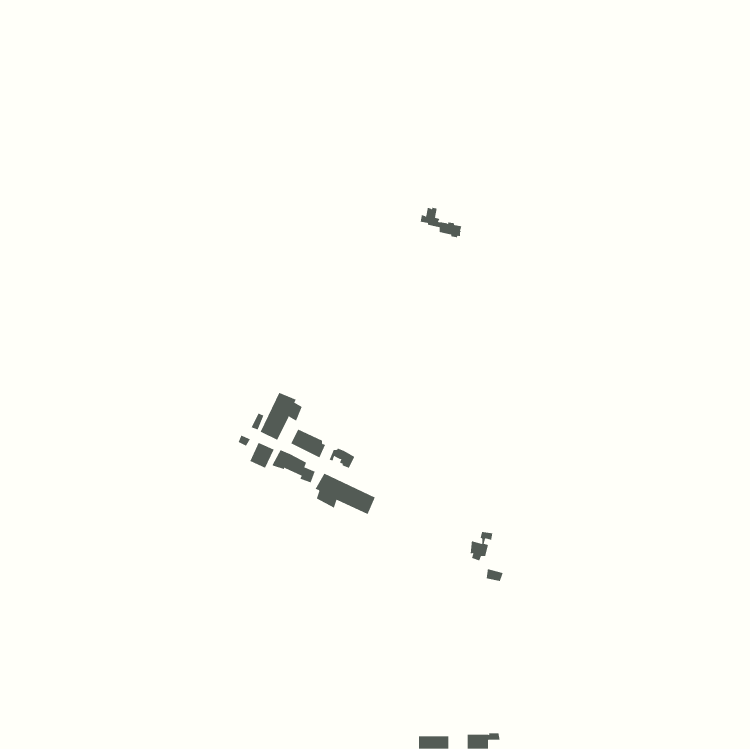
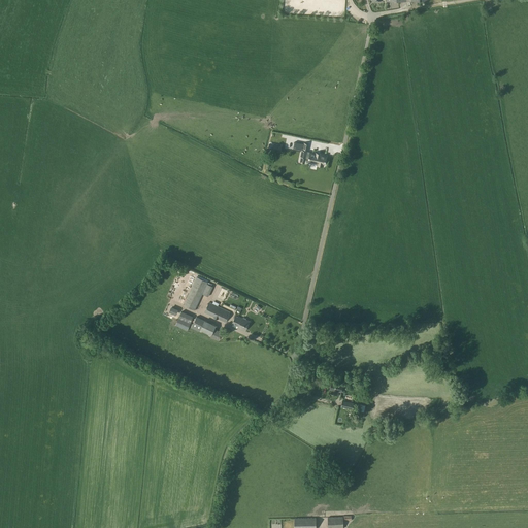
building: [315,473,376,515] -> none

